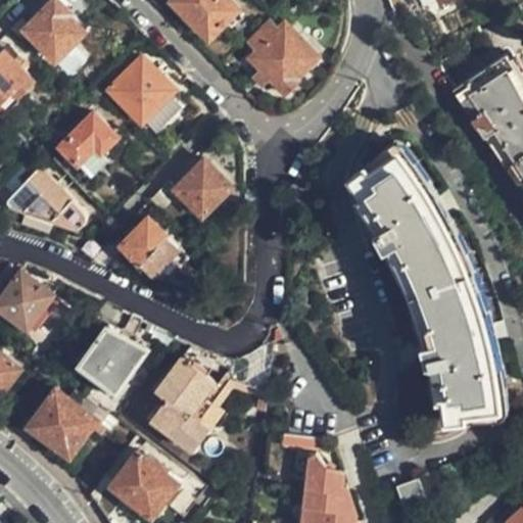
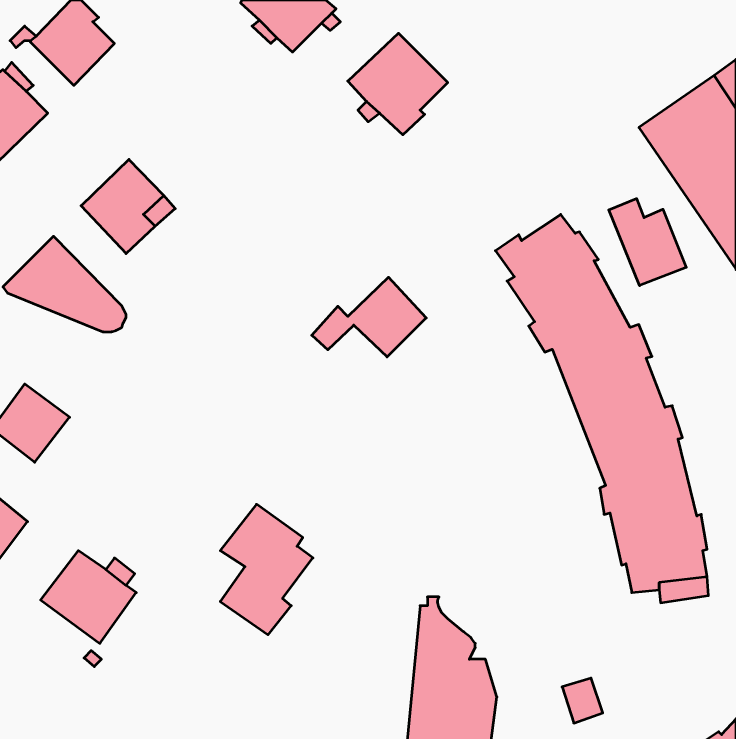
building: [108,58,181,134] -> none
building: none -> [609,199,686,286]
building: [148,160,229,217] -> [312,277,426,357]
building: [89,218,188,277] -> none
building: [77,327,147,392] -> none
building: [109,450,178,516] -> none

